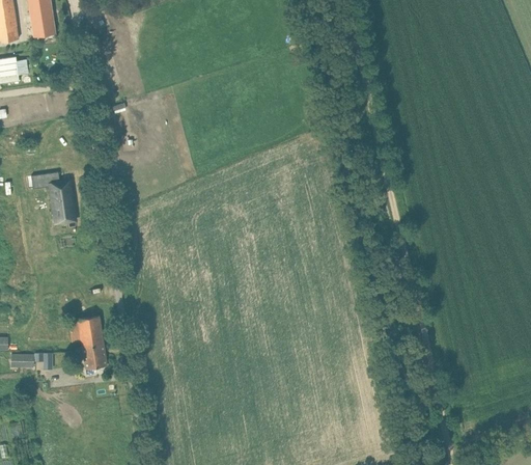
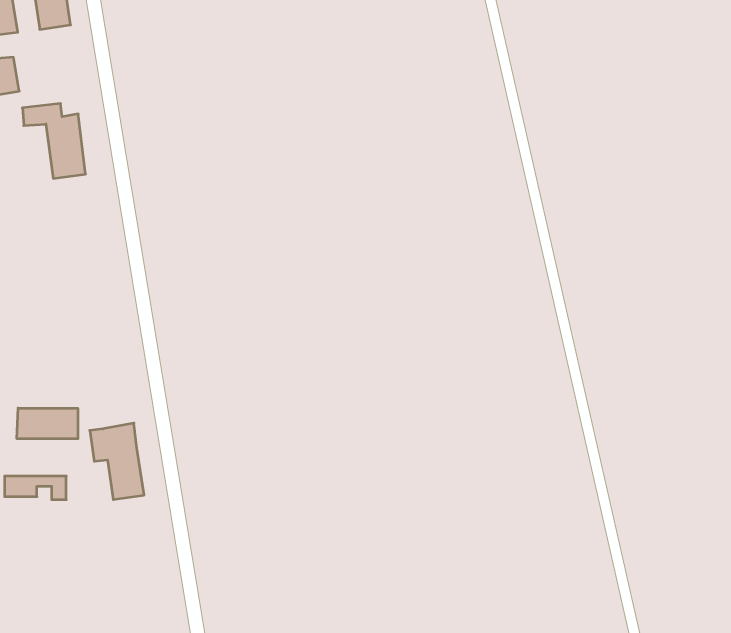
building: [31,172,76,225] -> [22,104,86,178]
building: none -> [17,408,78,439]

